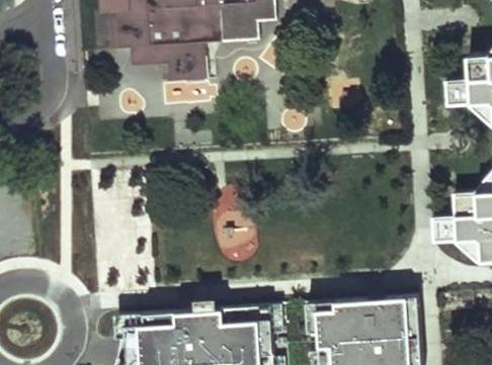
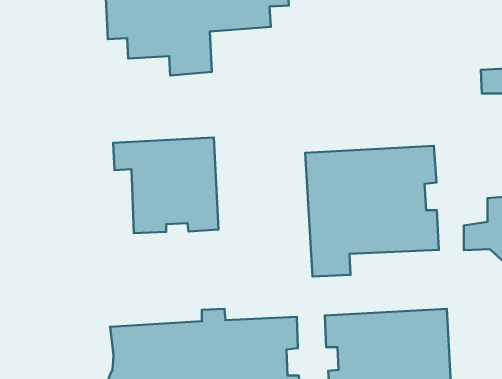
building: none -> [113,138,219,233]
building: none -> [305,146,439,277]

